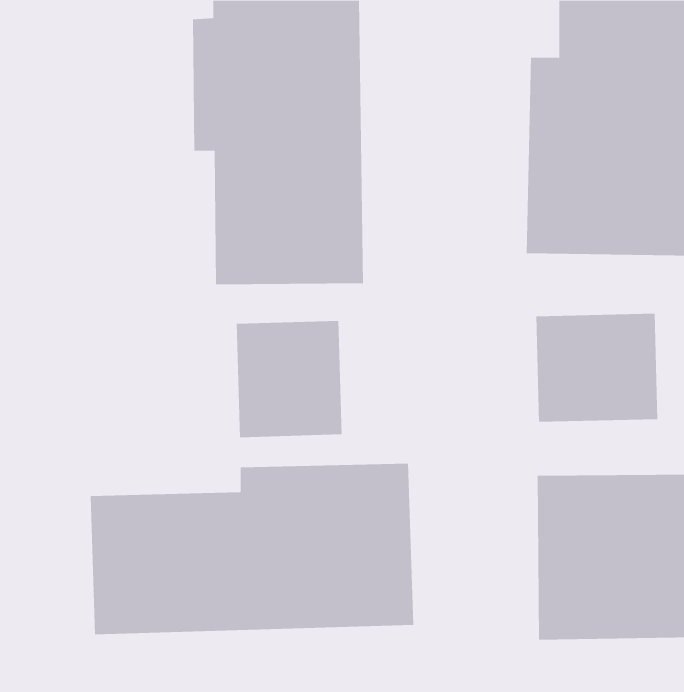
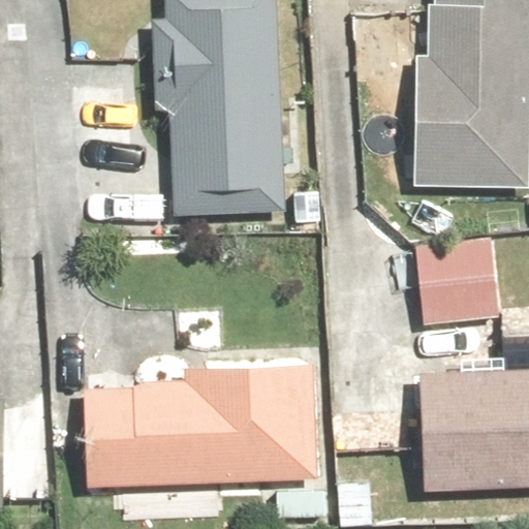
building: [236,320,342,438] -> none

